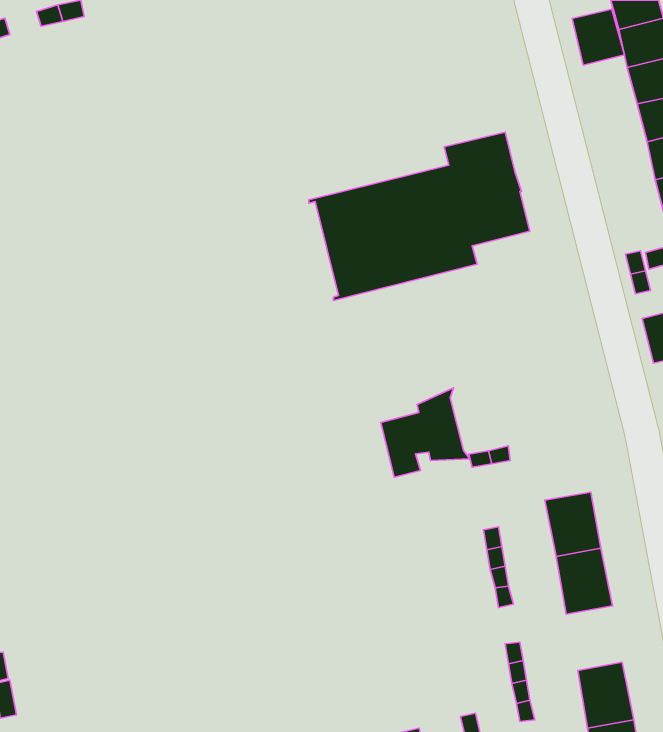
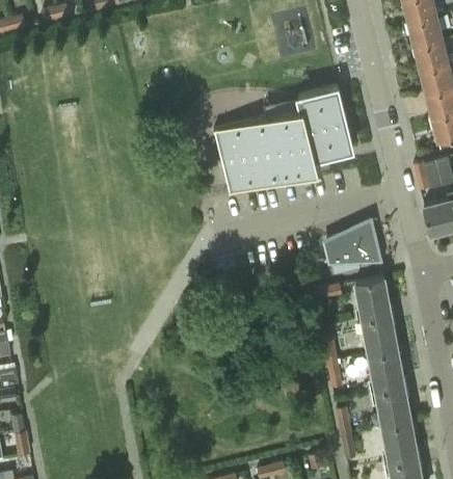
building: [572,9,624,65] -> none
building: [381,388,470,477] -> [326,218,382,274]
building: none -> [355,278,391,320]
building: none -> [375,387,410,427]

